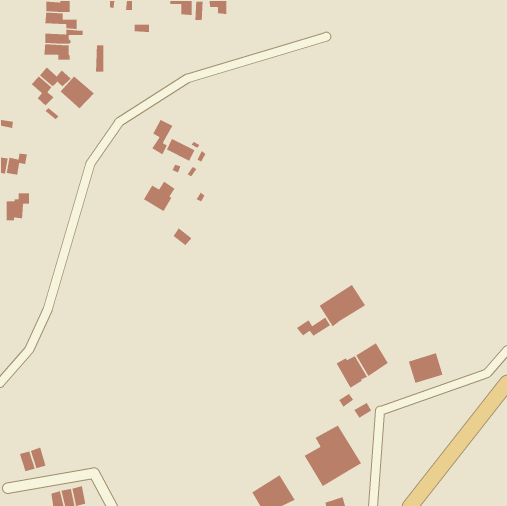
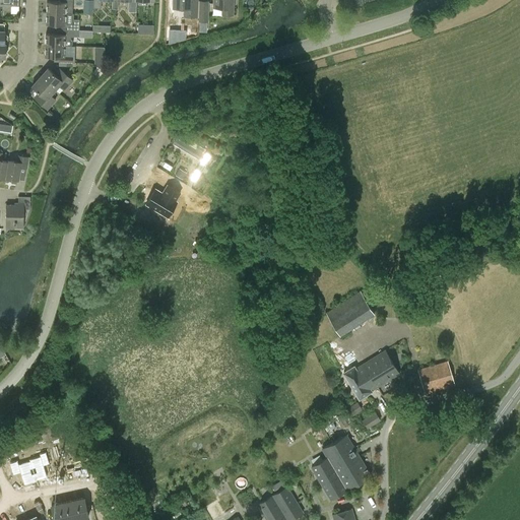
building: [60,75,95,109] -> none
building: [151,119,173,155] -> none
building: [296,317,331,337] -> none

